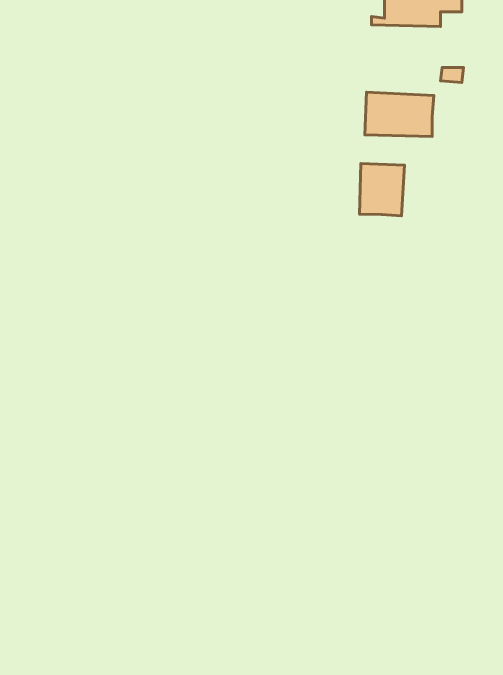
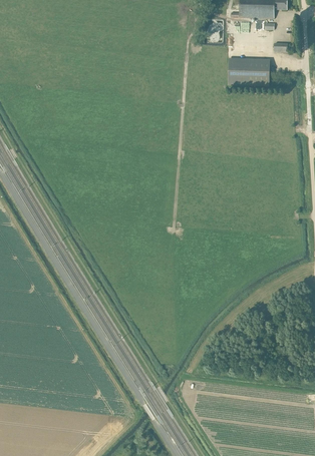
building: [360,163,404,216] -> none

